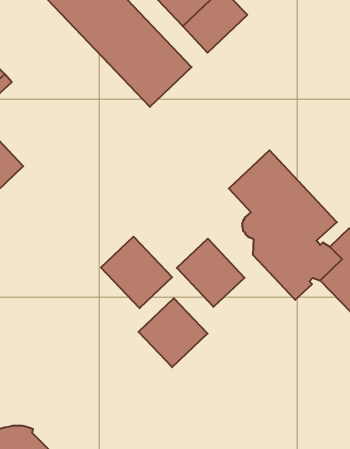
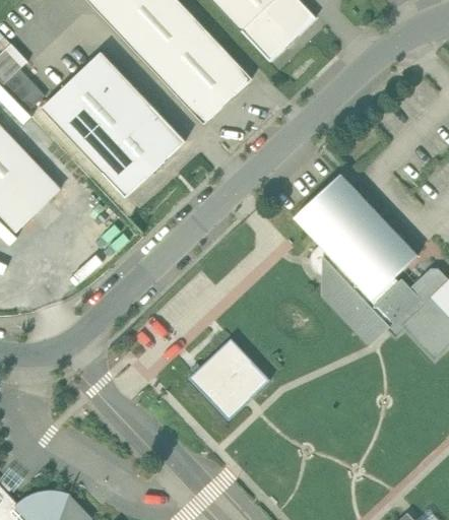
building: none -> [42,51,186,196]
building: [101,237,172,308] -> none
building: [177,239,245,307] -> none

